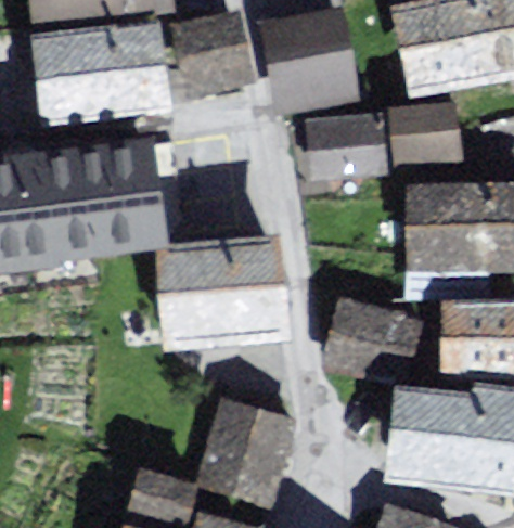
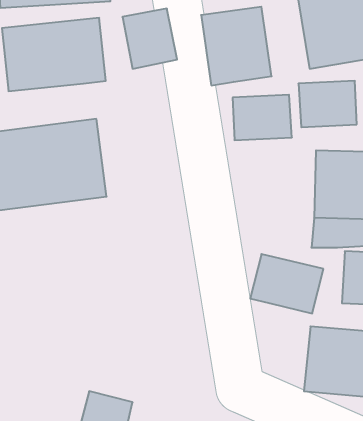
building: [165,247,282,336] -> none
building: [206,400,291,498] -> none

